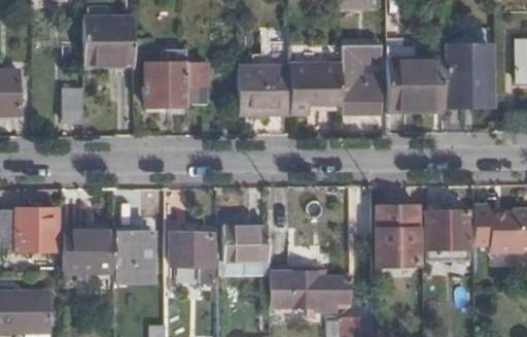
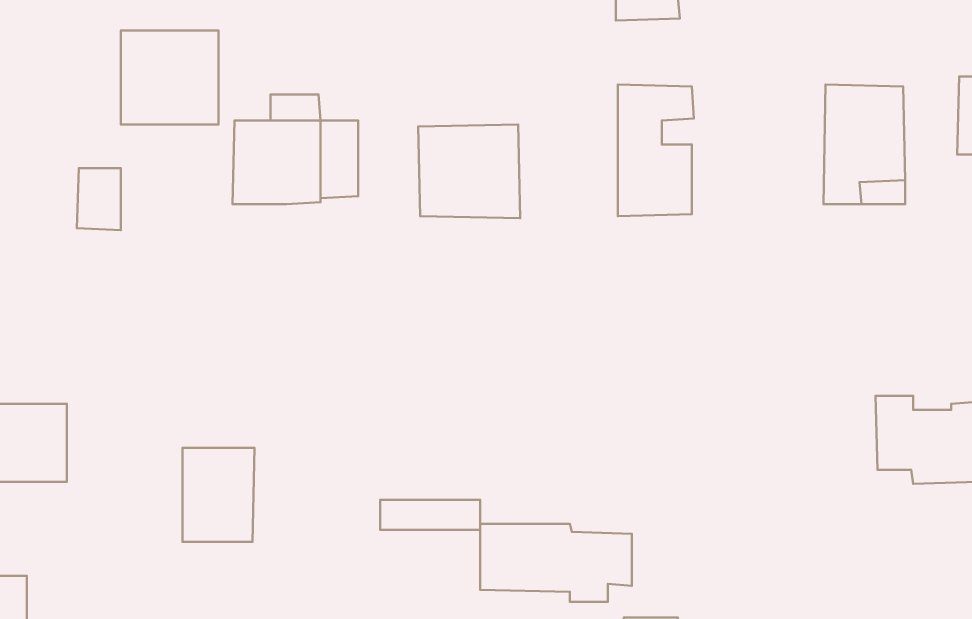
building: [387,61,445,107] -> none
building: [289,64,341,113] -> none
building: [378,206,416,266] -> none
building: [427,206,467,259] -> none
building: [224,218,270,259] -> none
building: [64,227,116,270] -> none
building: [170,233,213,281] -> none

